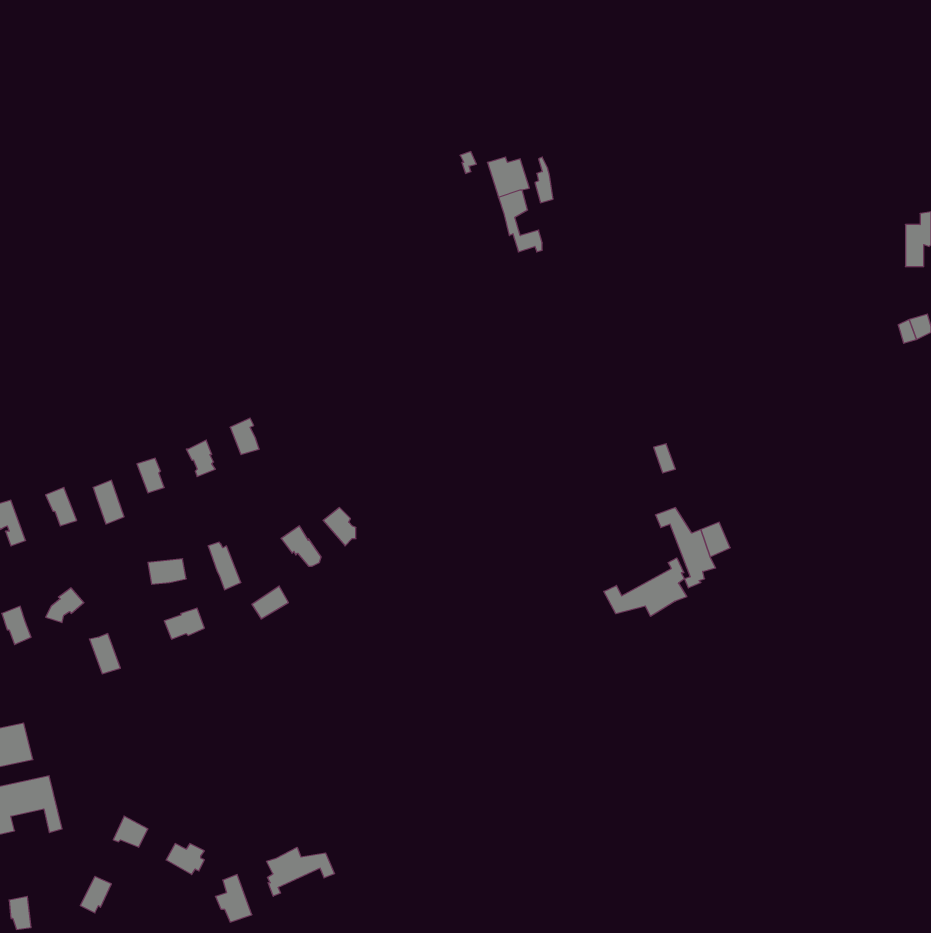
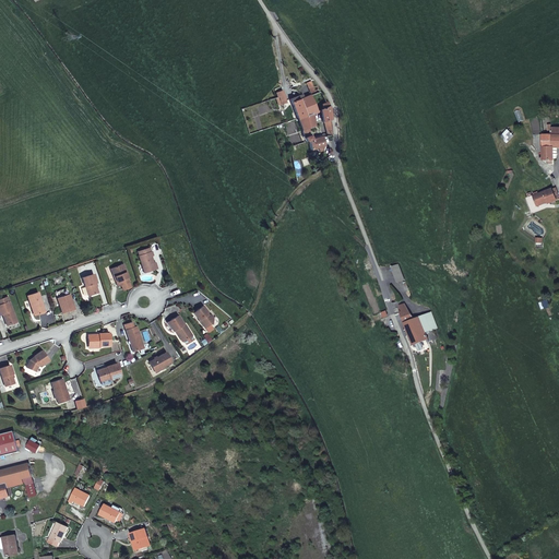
building: [604,558,687,616] -> none
building: [267,847,335,896] -> none

